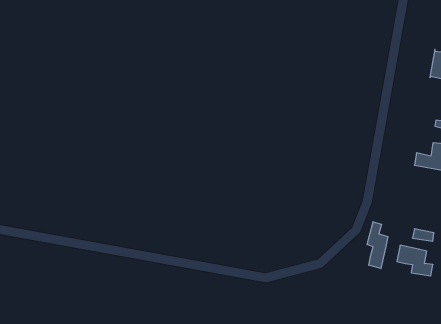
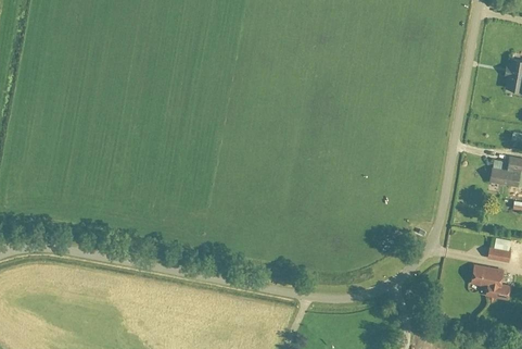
building: [367,222,388,269] -> none

